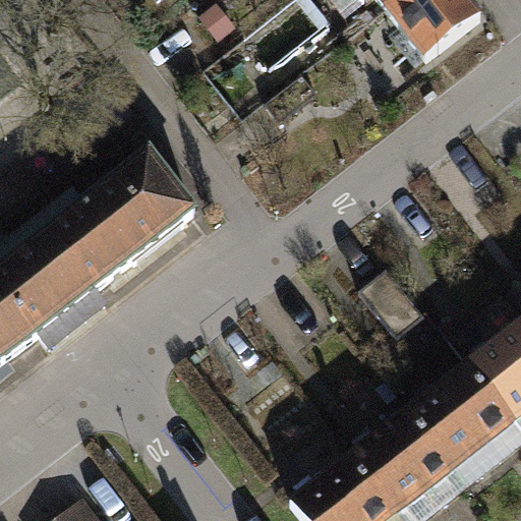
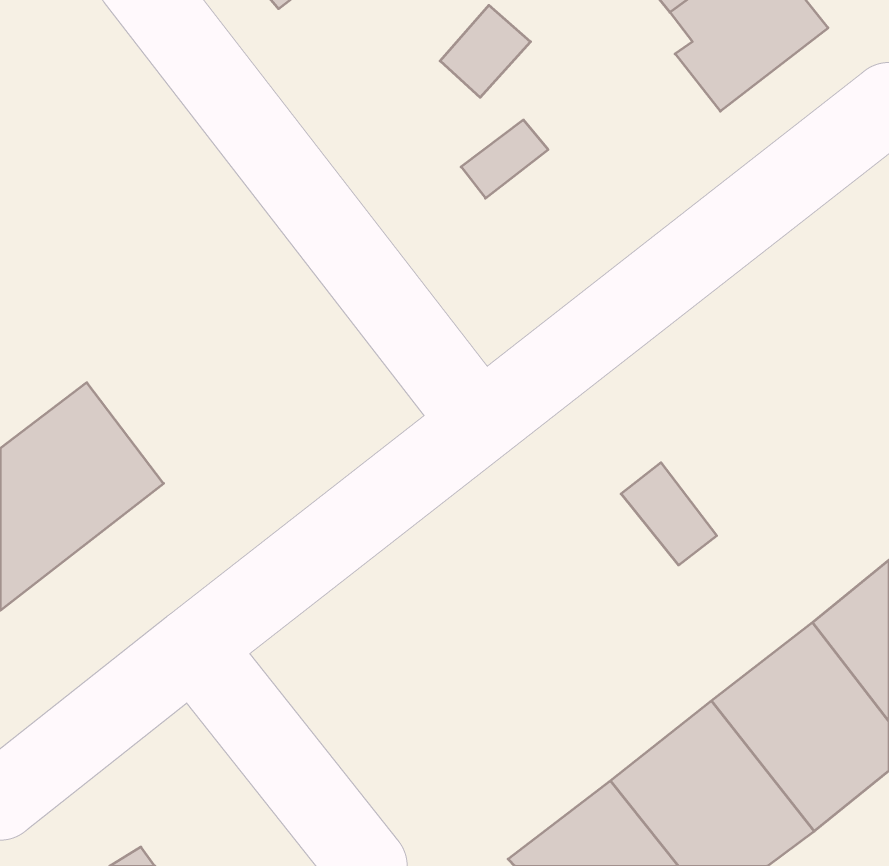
building: [51,144,195,283] -> none

